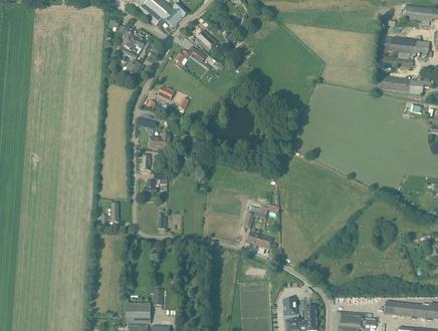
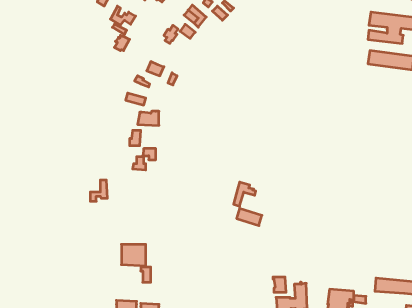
building: [127,302,151,323] -> [121,244,146,266]

